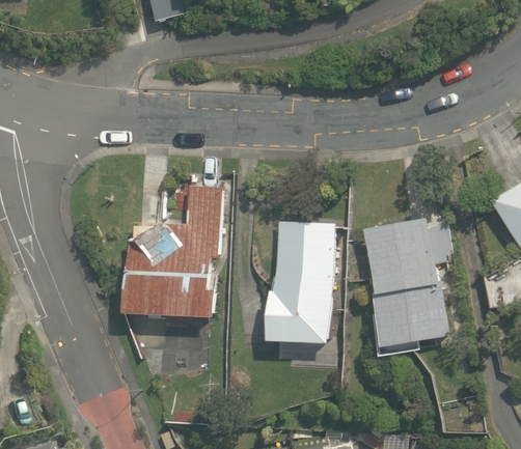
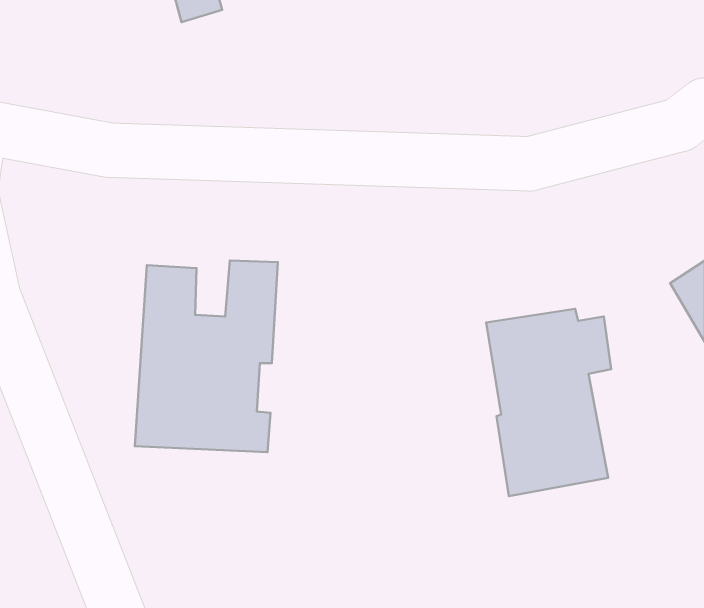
building: [267,221,335,343] -> none

